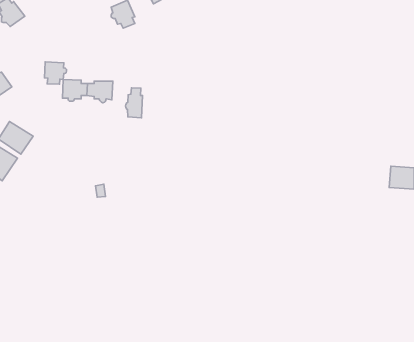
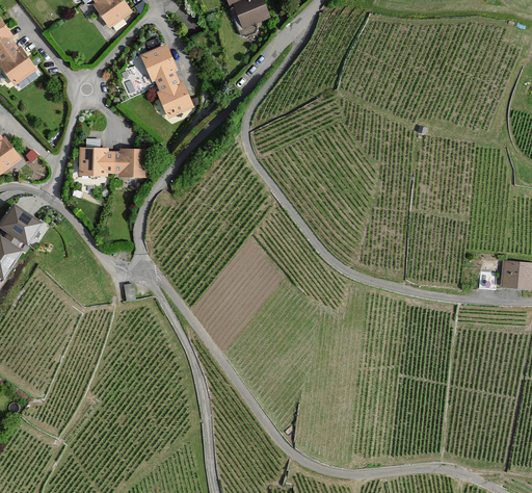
building: none -> [159,77,189,114]
building: [44,62,67,84] -> none
building: [125,88,142,118] -> none

